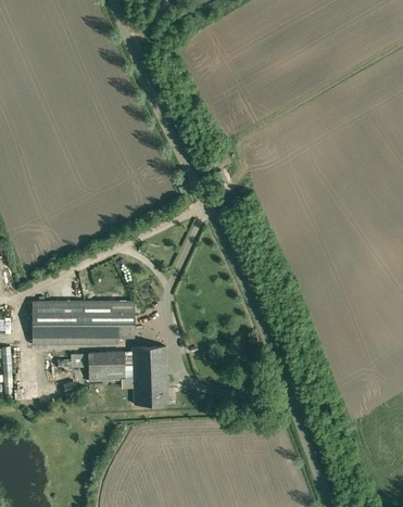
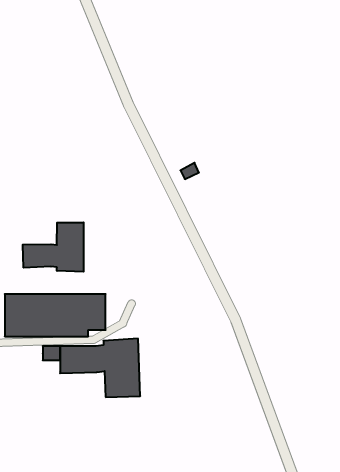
building: none -> [23,222,84,272]

